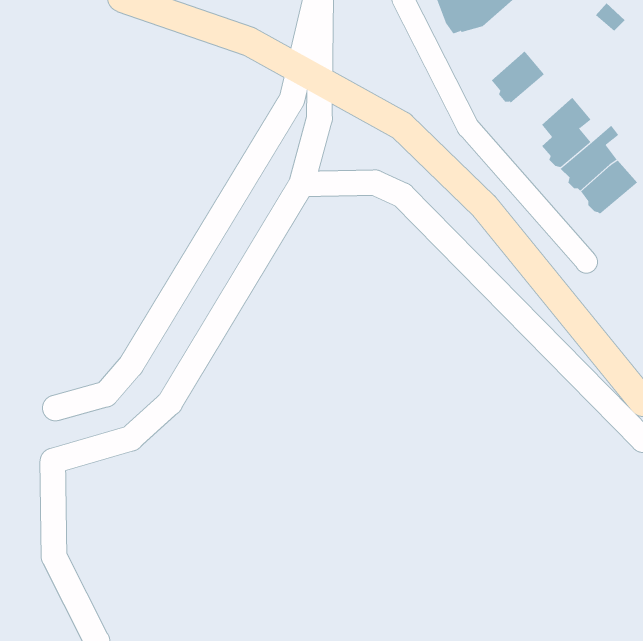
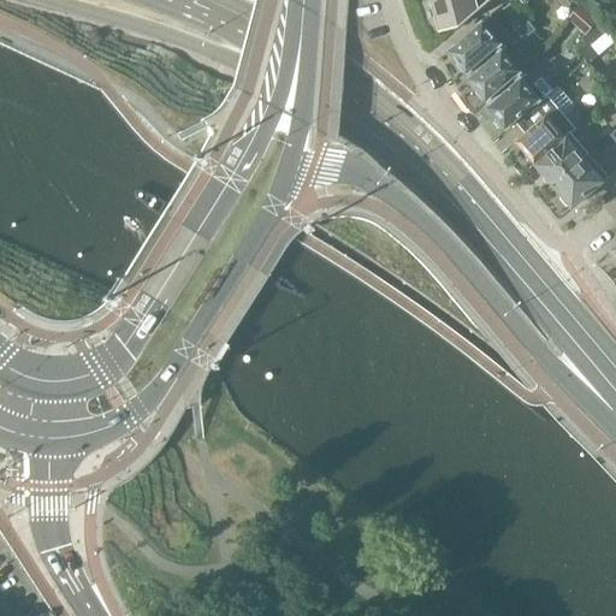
building: none -> [450,20,502,71]
building: none -> [488,77,549,128]

